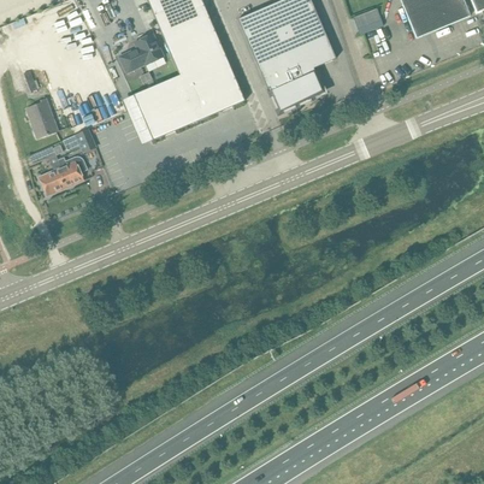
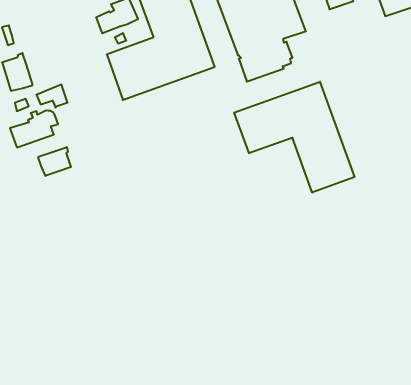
building: none -> [234,82,354,193]
building: none -> [38,147,71,176]

